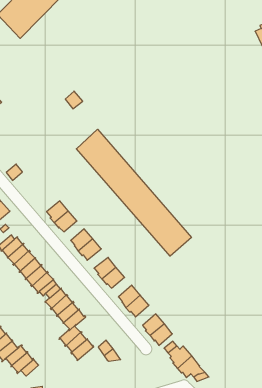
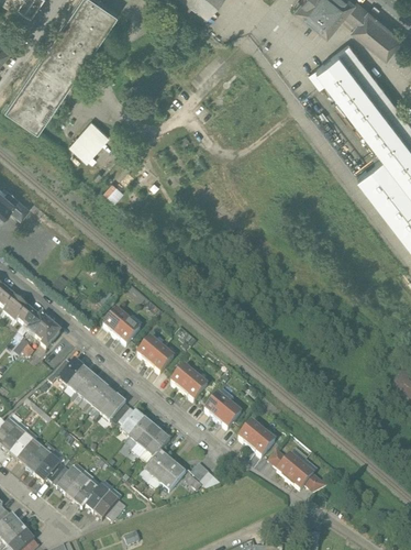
building: none -> [73,122,109,161]
building: [76,129,191,256] -> none

